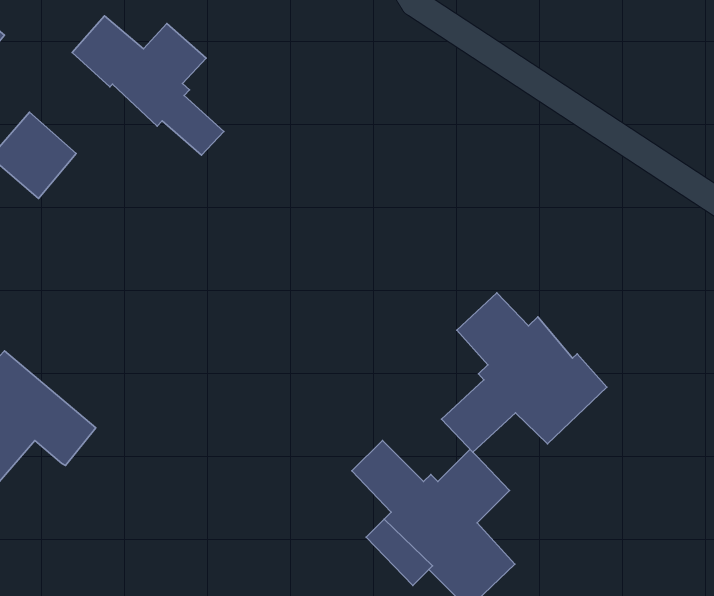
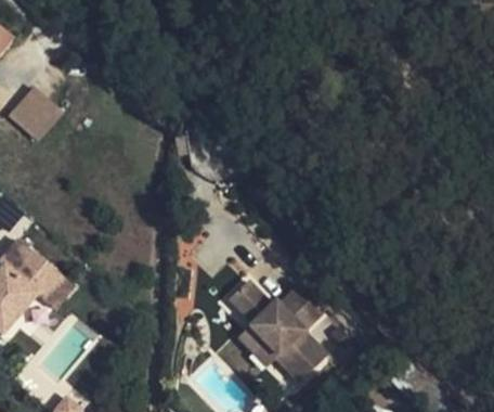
building: [72,16,224,155] -> none
building: [441,293,607,452] -> none

